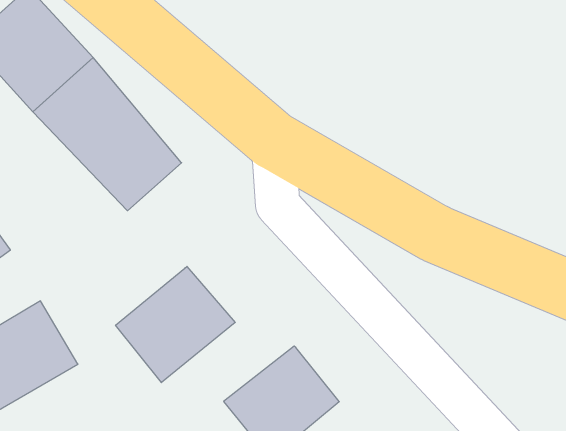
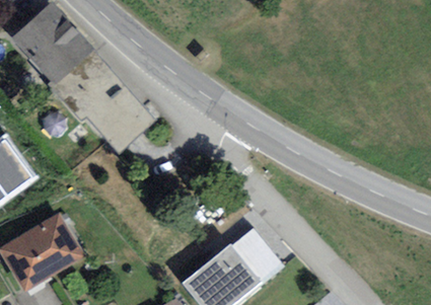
building: [116,266,235,383] -> none
building: none -> [230,228,285,285]

